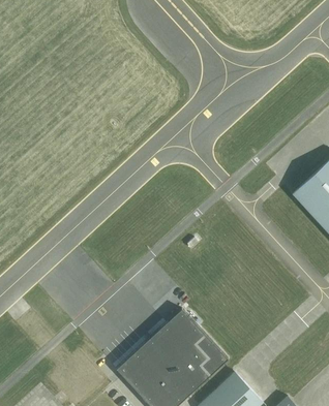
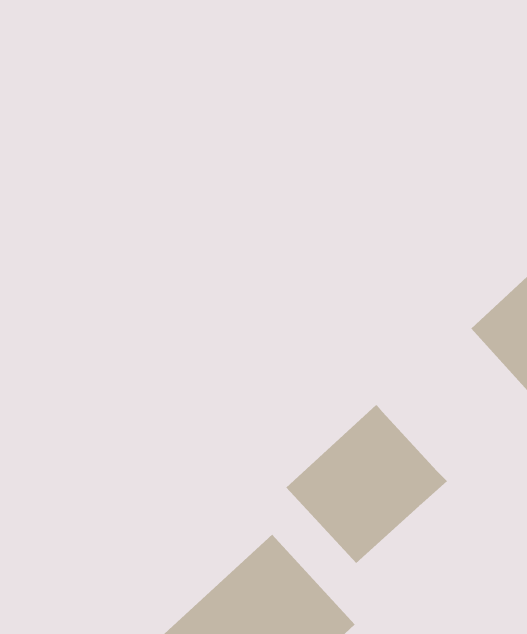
building: none -> [286,405,448,564]

